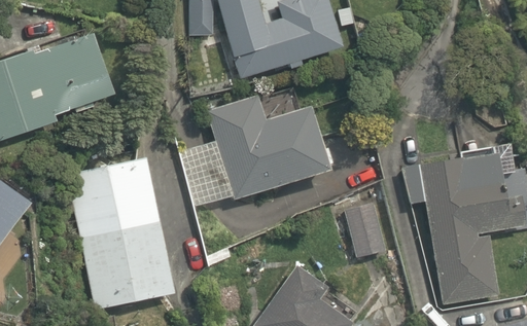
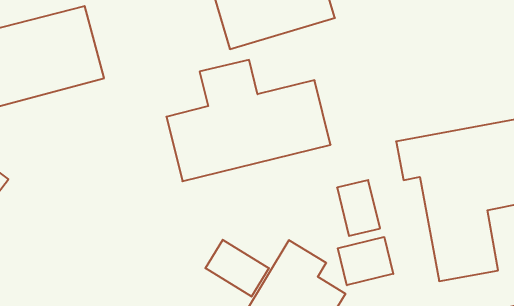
building: [73,158,177,309] -> none
building: none -> [338,237,393,285]
building: none -> [205,240,269,297]

